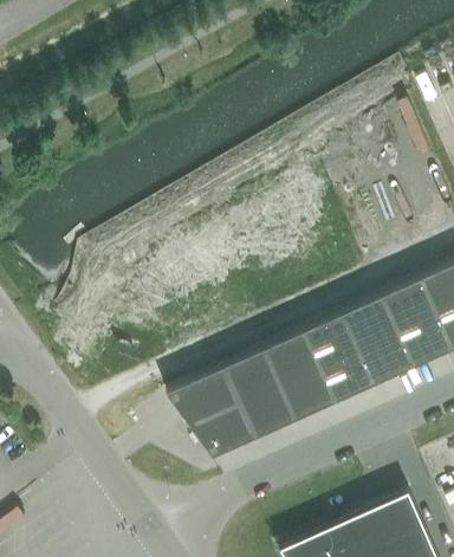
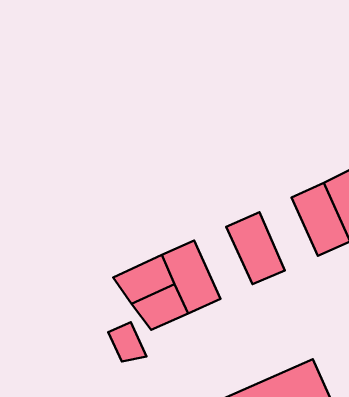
building: [342,298,413,387] -> none
building: [262,333,333,421] -> none
building: none -> [108,322,147,362]

